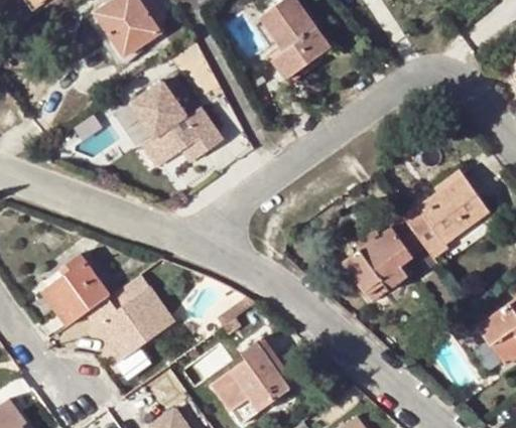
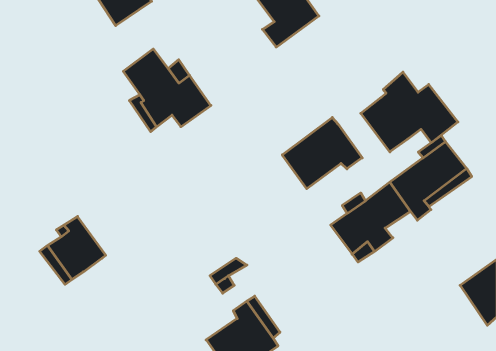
building: none -> [361,72,458,152]
building: none -> [282,117,362,189]
building: [88,274,174,359] -> none

